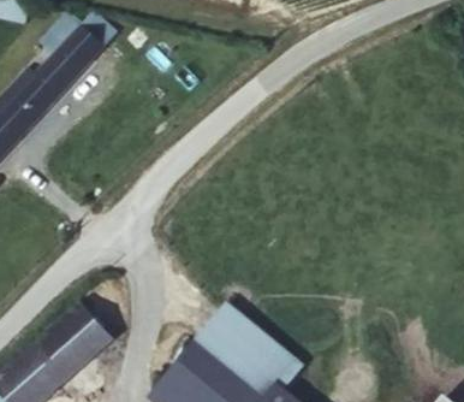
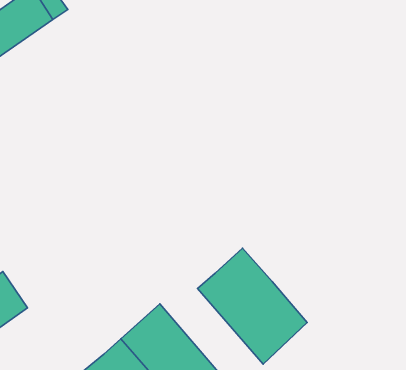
building: none -> [197,248,307,364]

